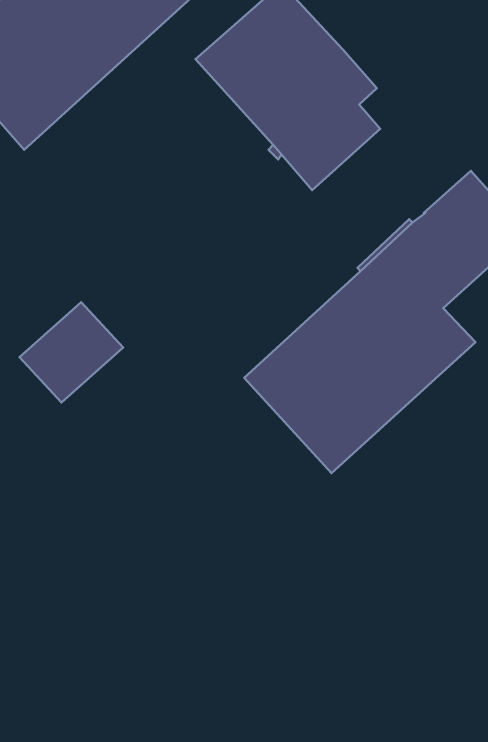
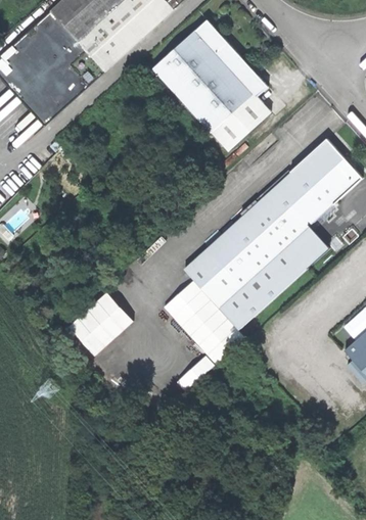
building: [20,302,123,402] -> [67,292,133,356]
building: none -> [162,279,243,364]

